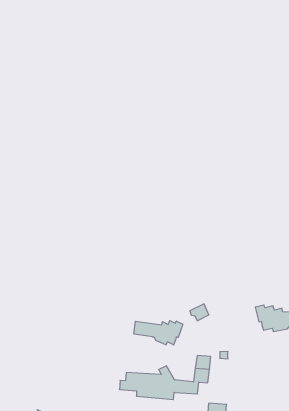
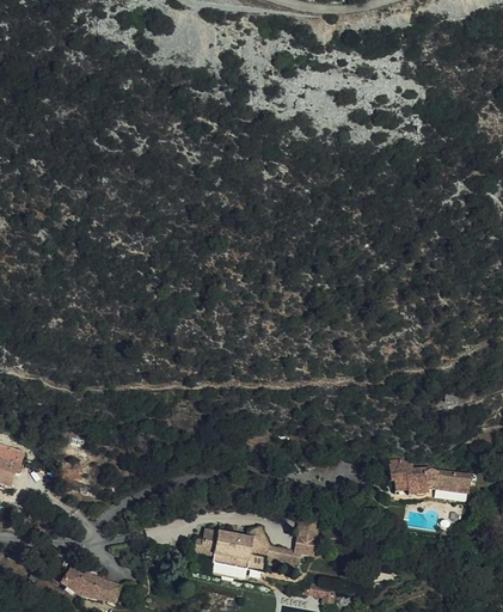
building: [134,321,183,345] -> none

